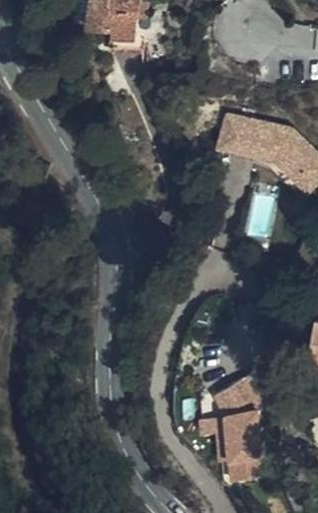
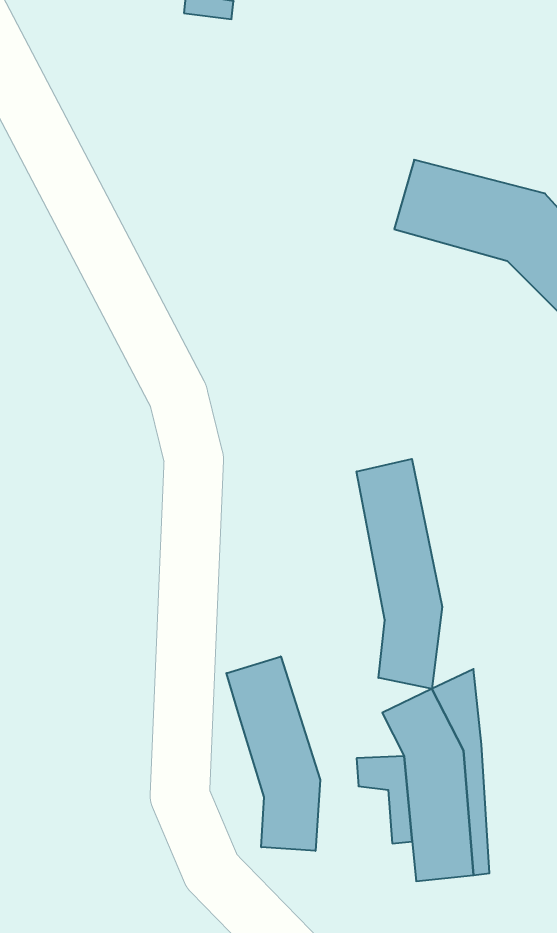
building: none -> [357,459,442,689]
building: none -> [226,656,320,851]

